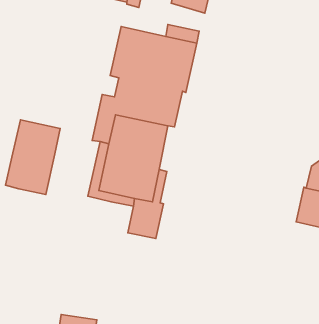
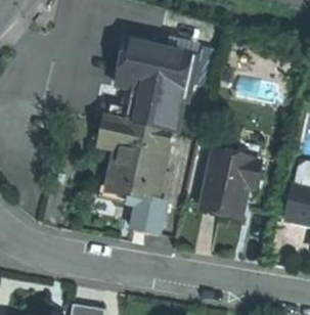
building: [6,120,60,195] -> none
building: none -> [198,150,258,216]

